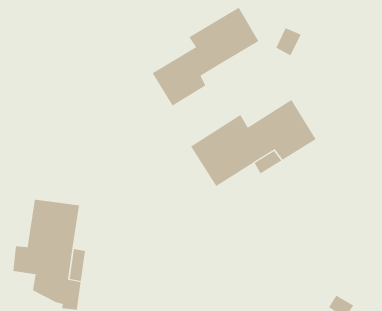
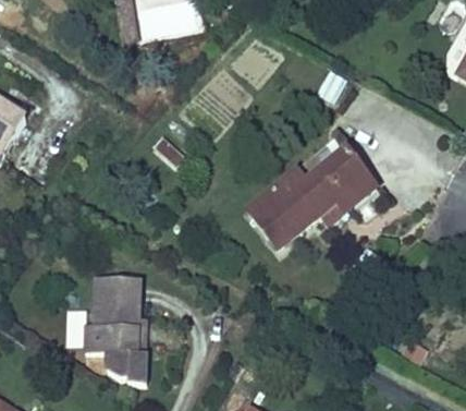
building: [152,7,259,107] -> none

